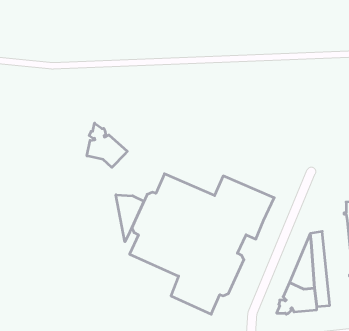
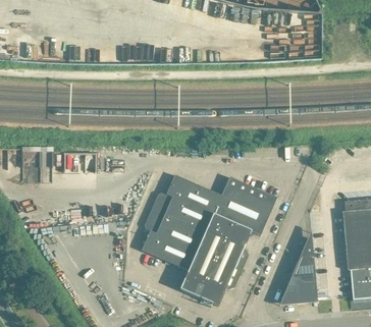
building: [87,123,127,167] -> none
building: [116,195,144,242] -> none

